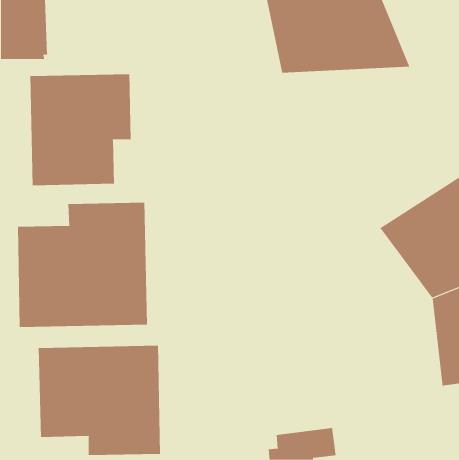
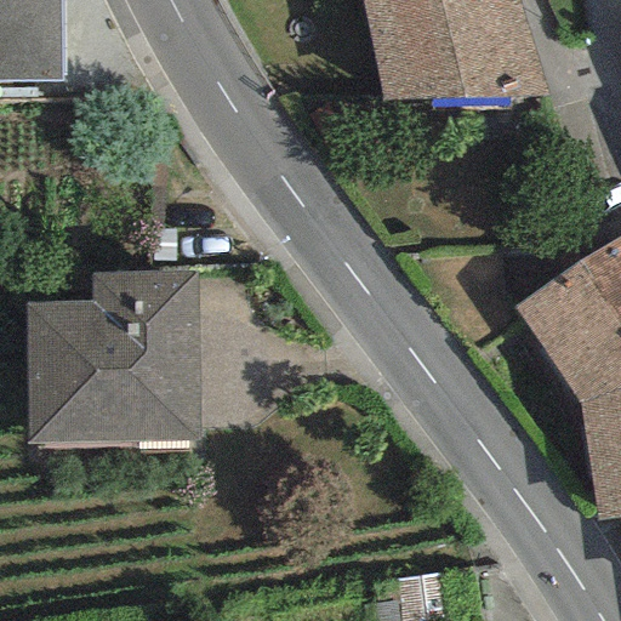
building: [30,73,131,186] -> none
building: [38,345,161,456] -> none

